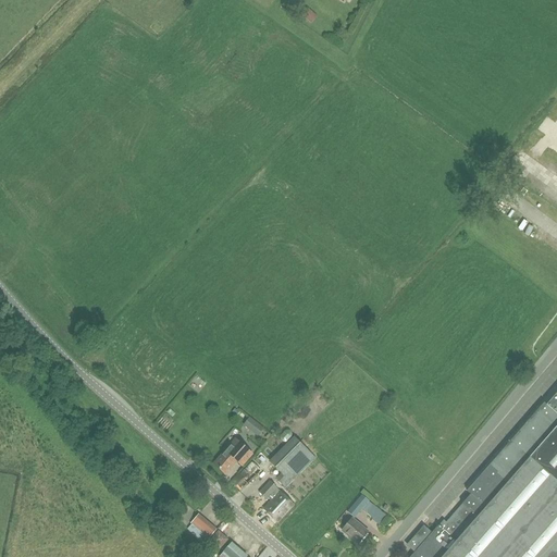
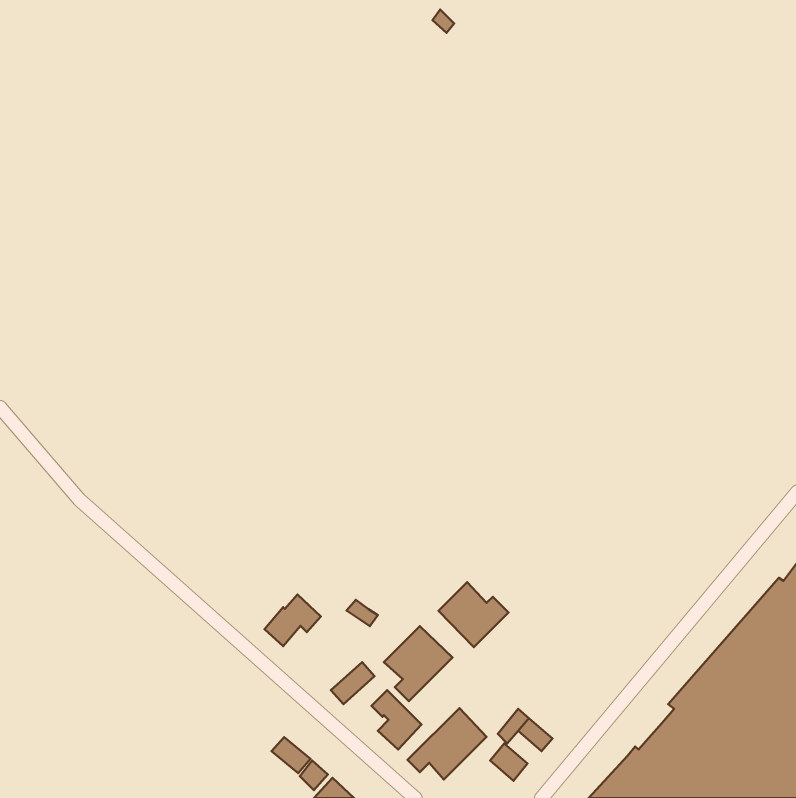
building: none -> [439,582,509,647]
building: [213,440,252,475] -> [265,595,321,646]
building: none -> [407,708,486,780]

